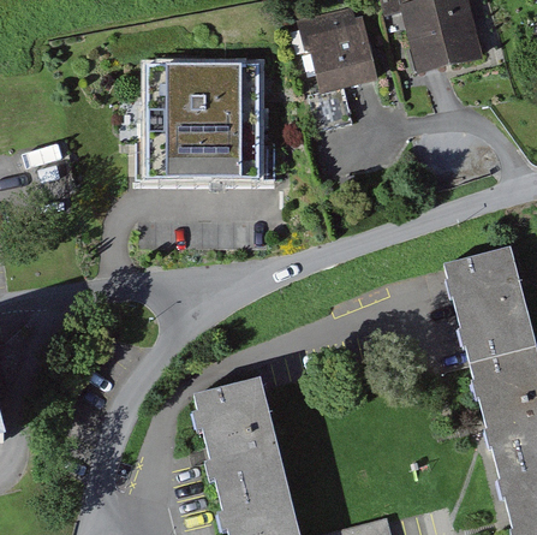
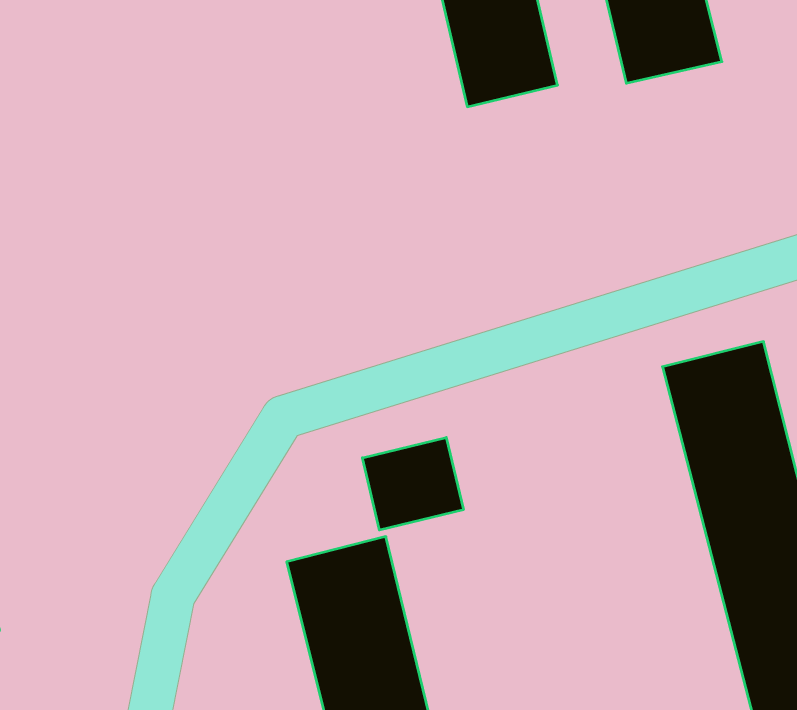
building: [143,66,257,179] -> none
building: none -> [362,437,463,530]

